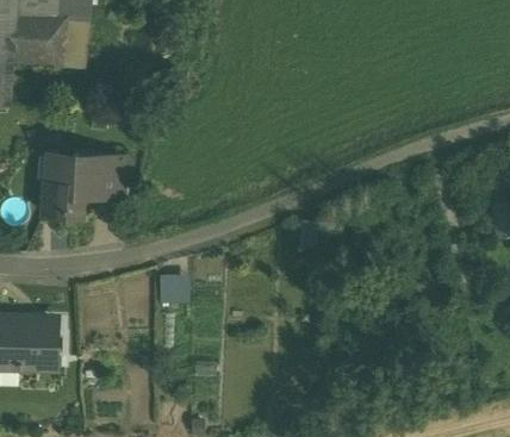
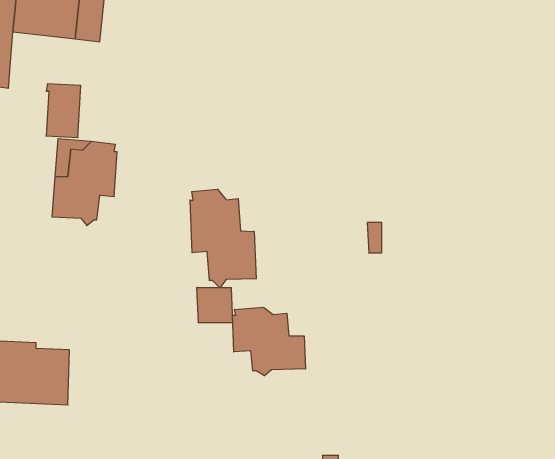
building: [94,154,123,198] -> [46,84,81,137]
building: none -> [190,189,256,288]
building: none -> [233,307,305,376]

